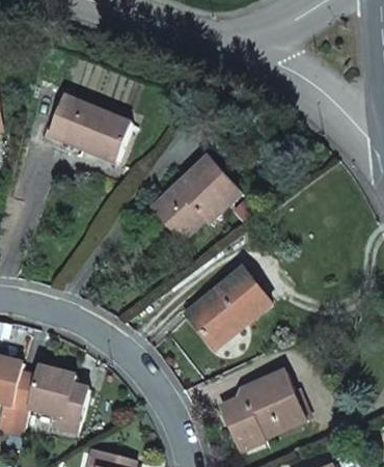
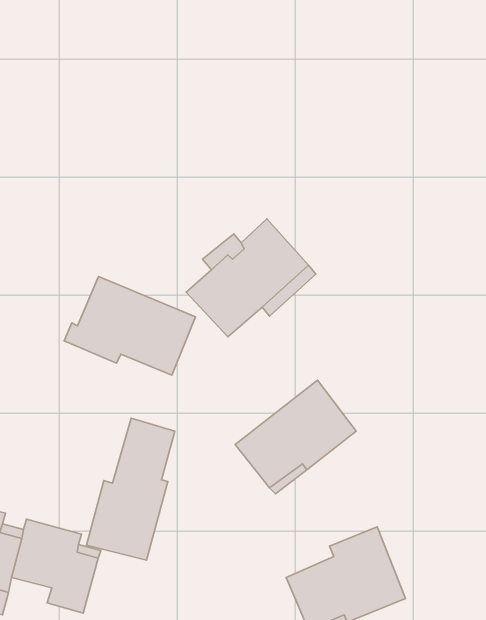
building: [39,93,131,162] -> [64,277,196,375]
building: none -> [86,418,175,560]

